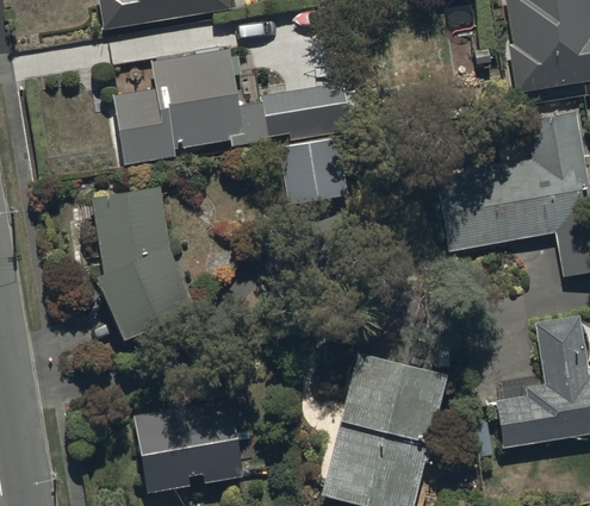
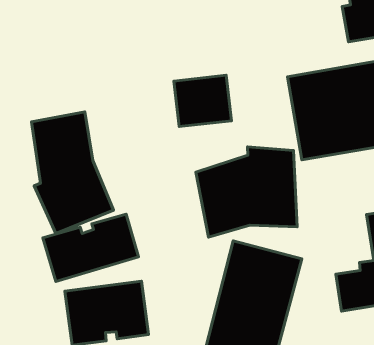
building: [113,48,352,165] -> none
building: none -> [196,147,297,237]
building: none -> [43,214,139,281]

